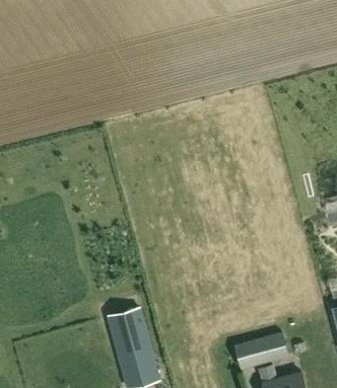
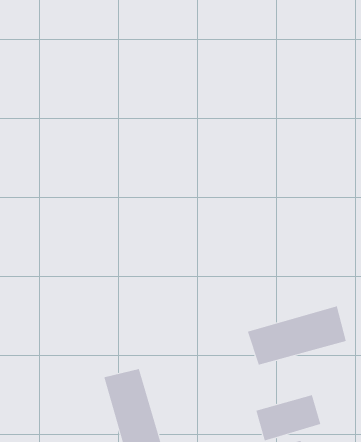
building: none -> [247,306,346,366]

